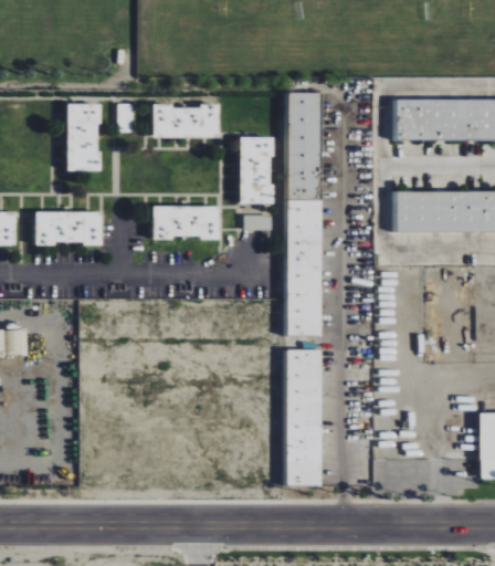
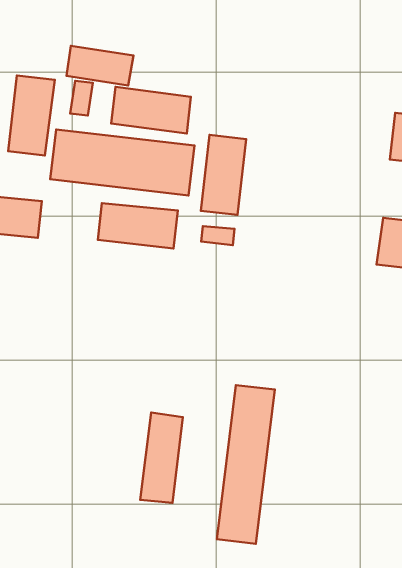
building: none -> [67,46,133,86]
building: [285,93,322,336] -> none
building: none -> [50,130,195,195]
building: none -> [140,413,183,503]

